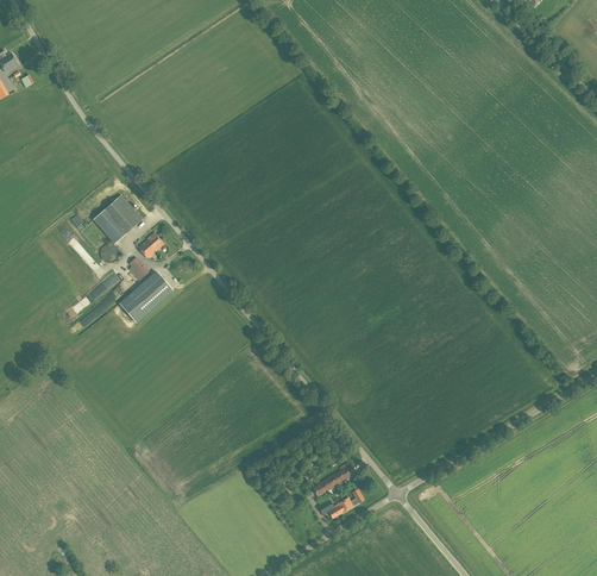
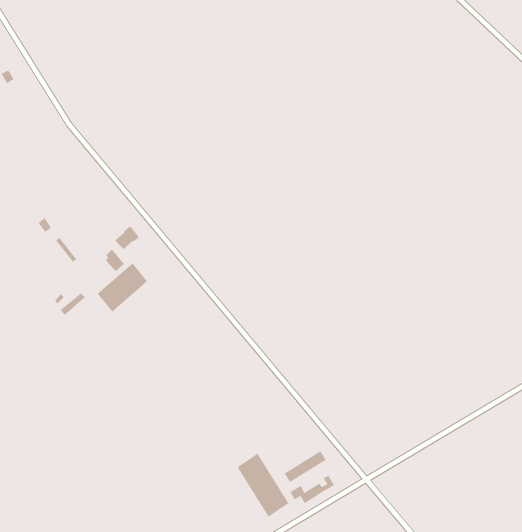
building: [93,194,143,243] -> none
building: none -> [237,453,289,518]

